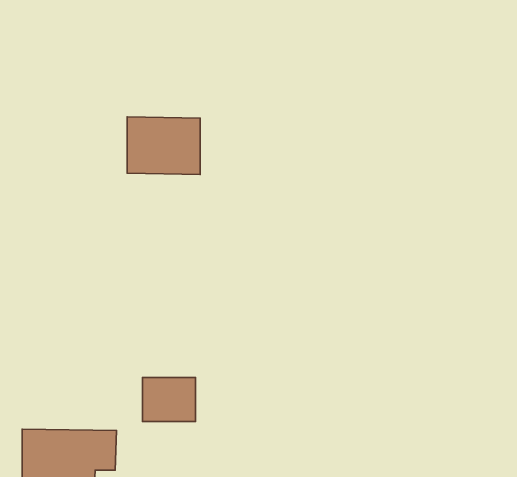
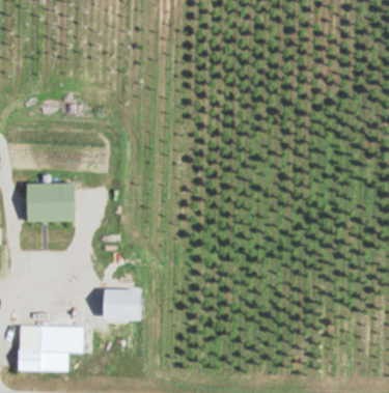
building: [127,117,200,175] -> [26,183,76,222]

